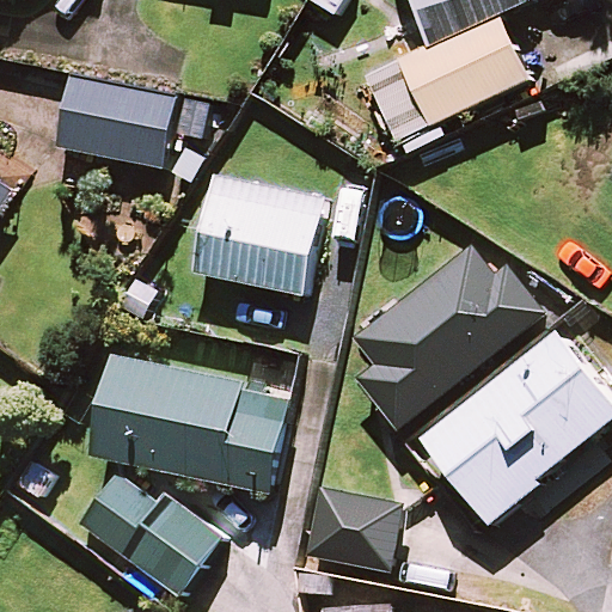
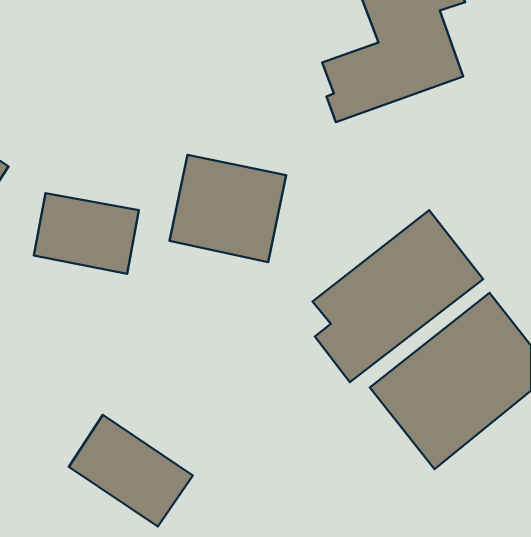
building: [54,75,172,166] -> [34,193,139,274]
building: [90,357,287,494] -> none
building: [308,492,396,563] -> none

